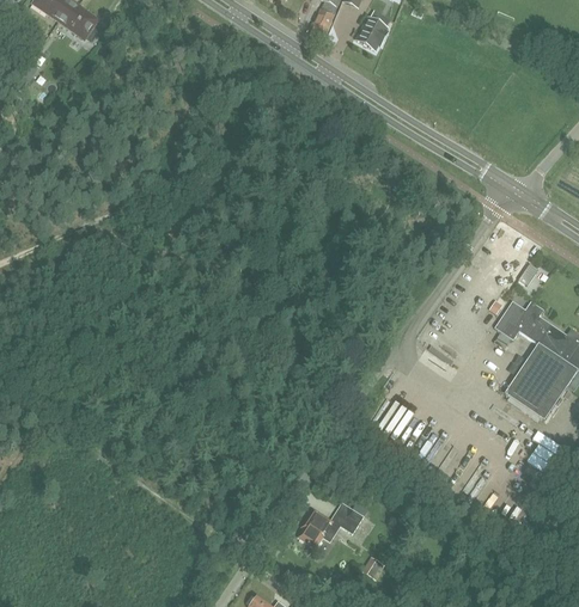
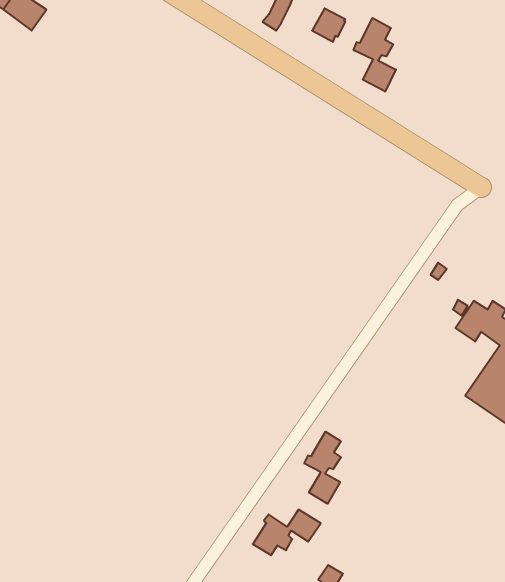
building: none -> [354,18,396,92]
building: none -> [304,432,341,504]

